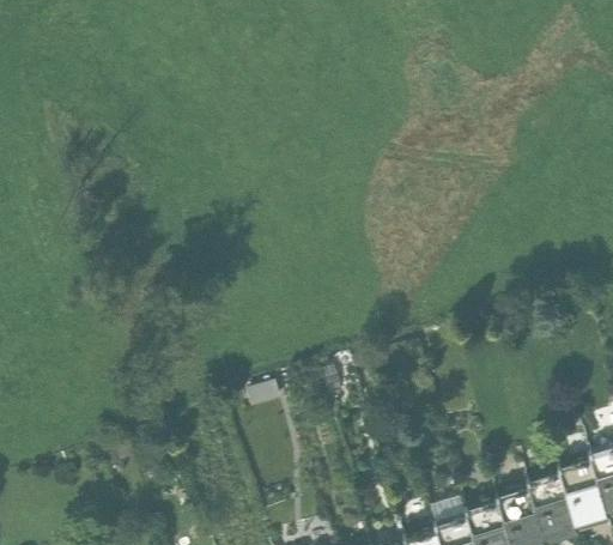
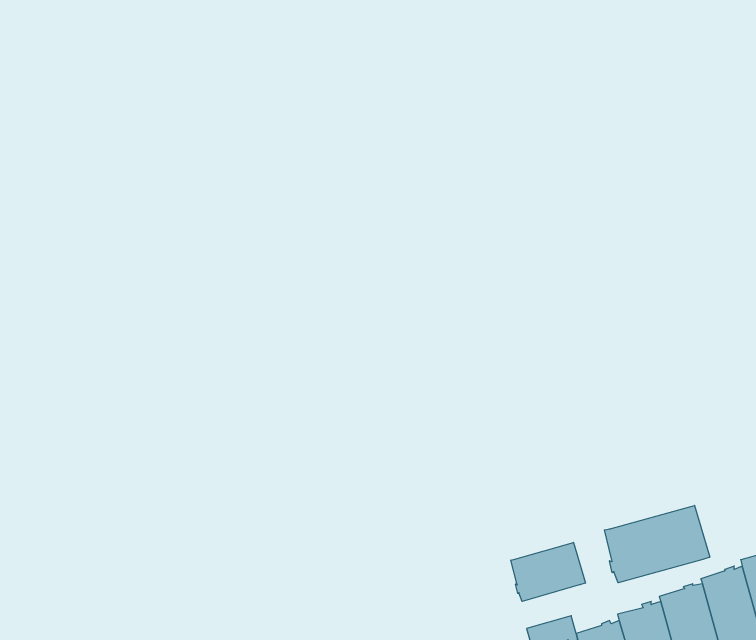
building: none -> [604,505,710,583]
building: none -> [511,542,586,601]

